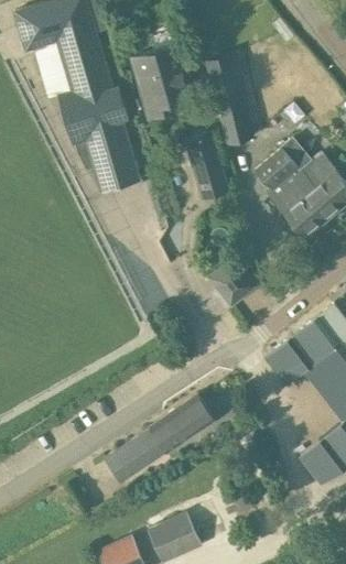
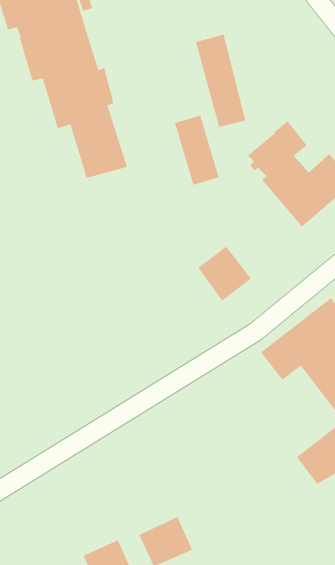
building: [131,46,188,119] -> none
building: [102,395,214,482] -> none

